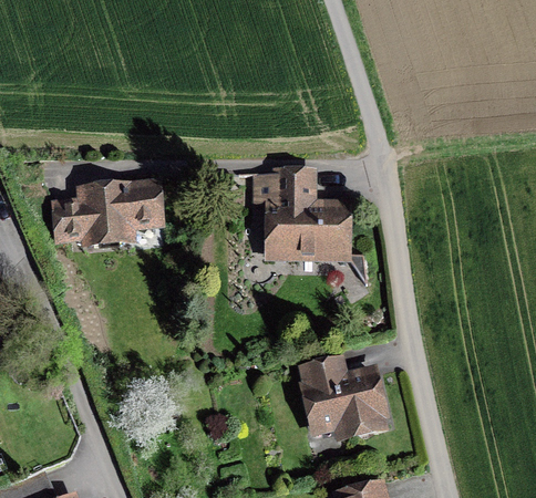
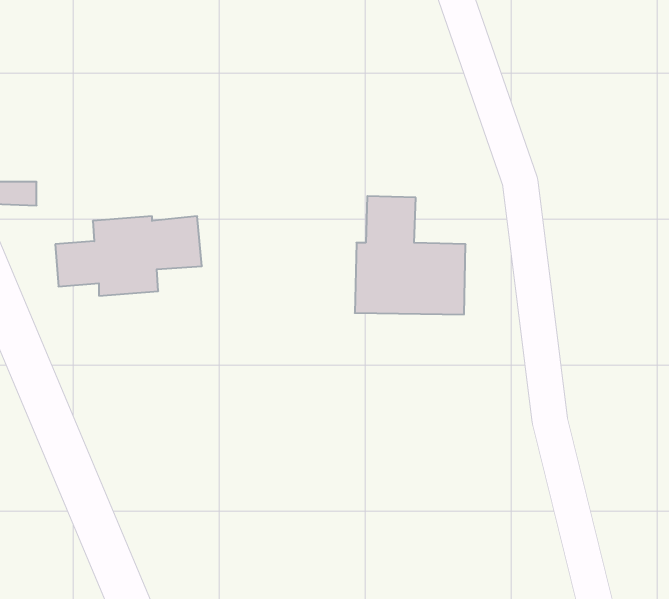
building: [301,360,379,436] -> none

